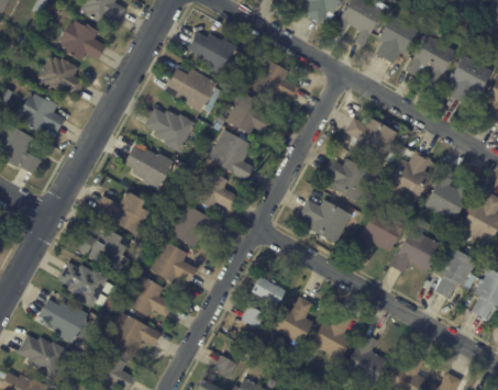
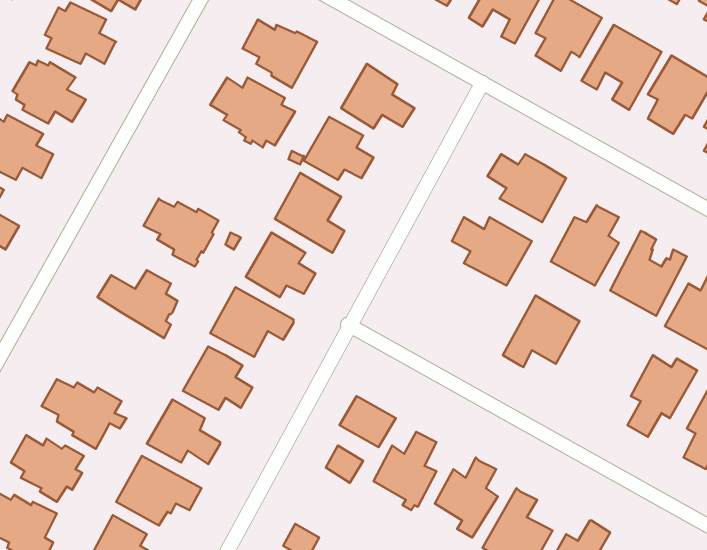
building: [146,108,195,152] -> none
building: [300,200,352,244] -> none
building: [74,226,129,275] -> none
building: [391,229,441,274] -> none

